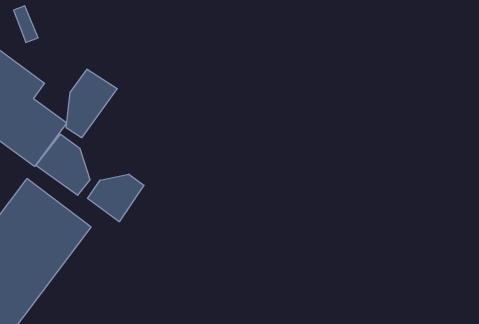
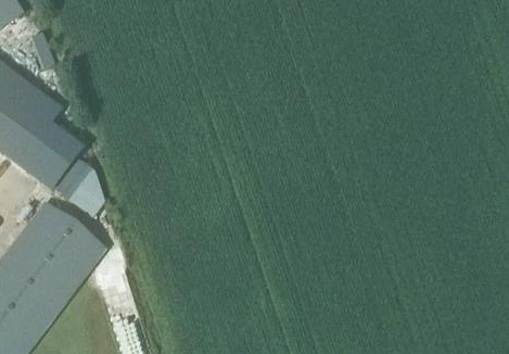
building: [66,69,117,138] -> none
building: [88,174,144,222] -> none

